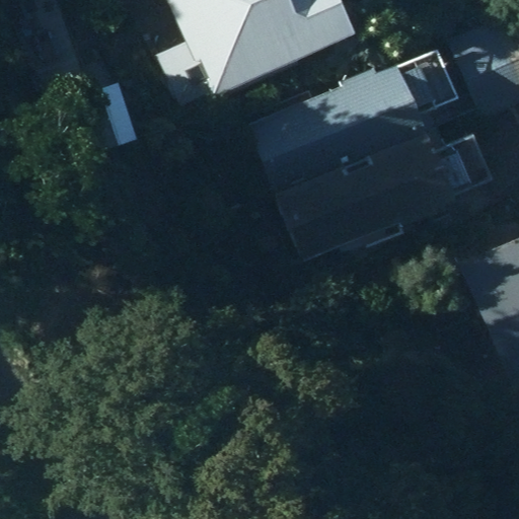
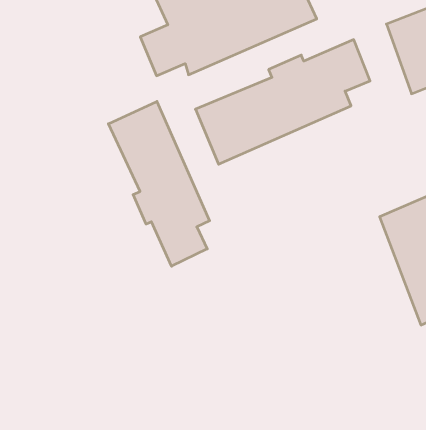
building: none -> [108,101,210,266]
building: [274,125,492,266] -> none

